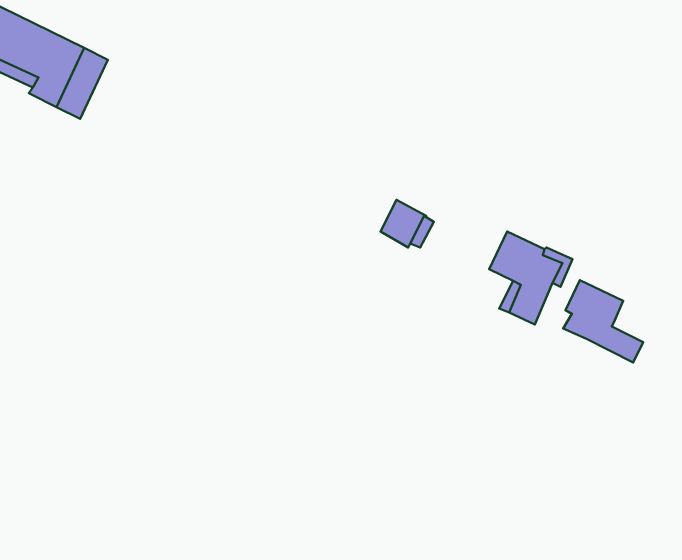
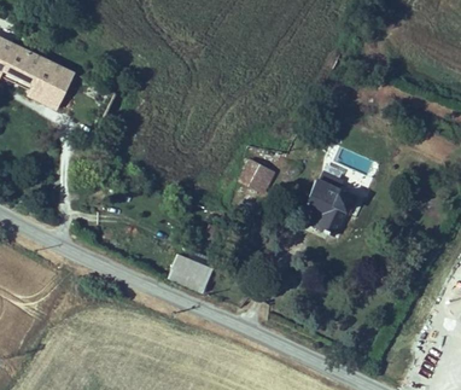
building: [563,280,643,363] -> none
building: none -> [168,254,212,291]

